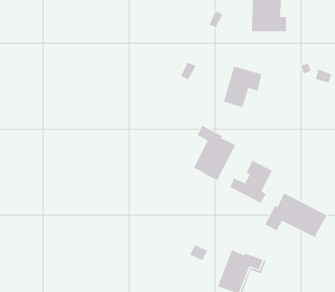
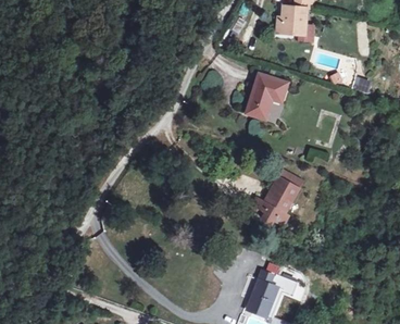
building: [193,125,236,181] -> none
building: [265,193,328,238] -> none

